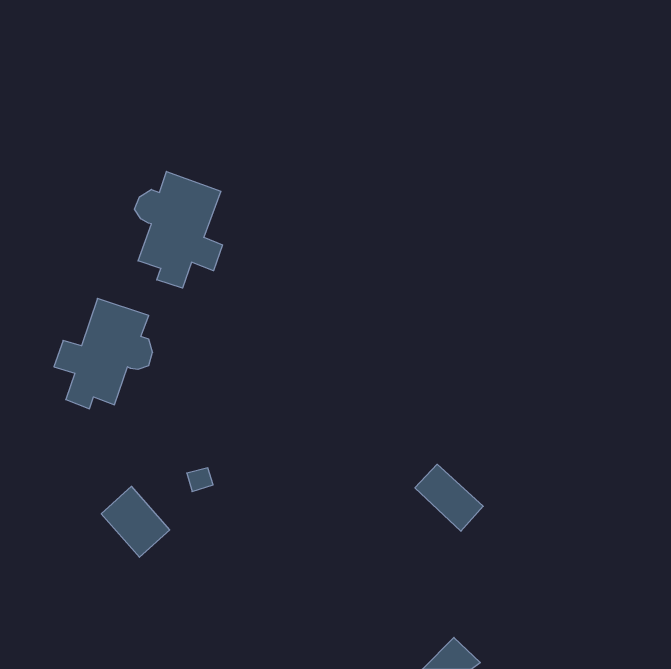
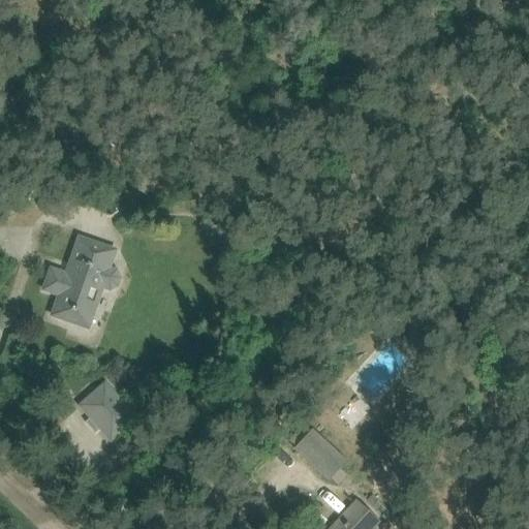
building: [134,171,223,288] -> none
building: [415,464,483,531] -> [292,429,346,481]

